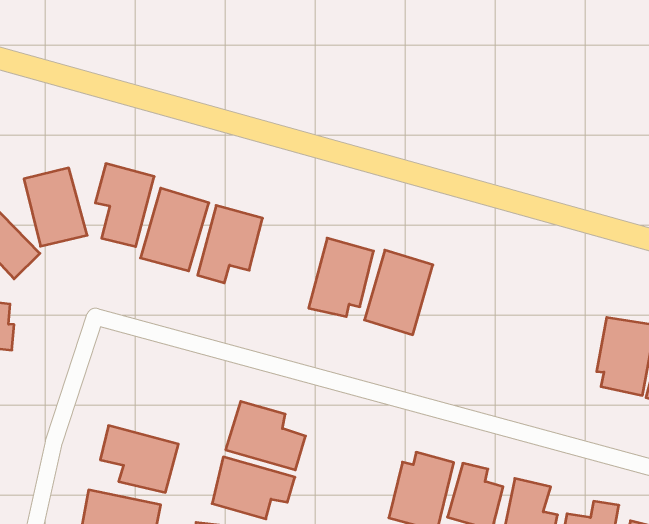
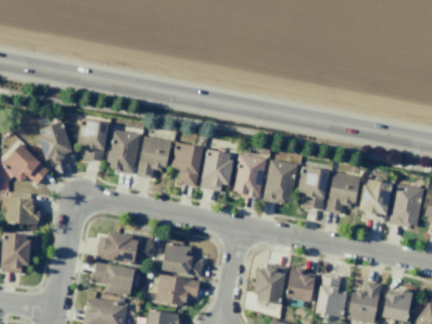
building: none -> [172,143,203,186]
building: none -> [265,160,297,203]
building: none -> [298,167,328,209]
building: none -> [327,172,359,213]
building: none -> [96,231,139,265]

